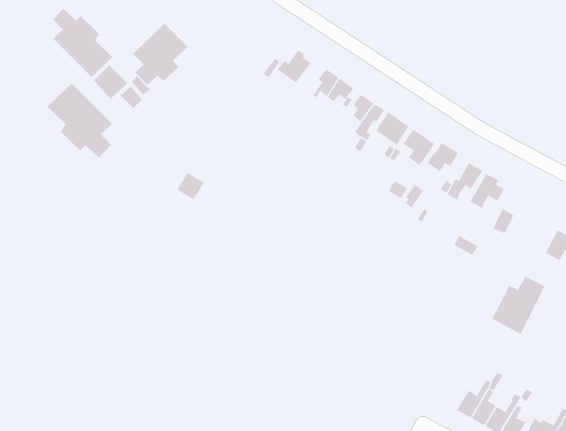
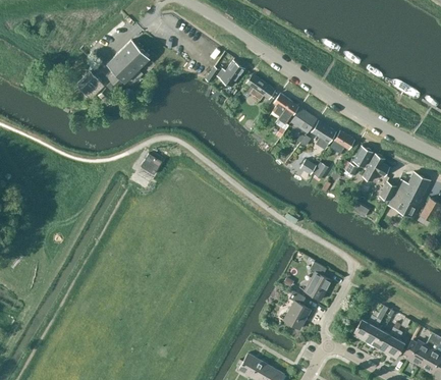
building: [52,8,113,78] -> none
building: [46,83,113,159] -> none
building: [491,276,545,335] -> [389,173,430,218]
building: none -> [305,262,332,301]
building: none -> [283,290,311,330]

